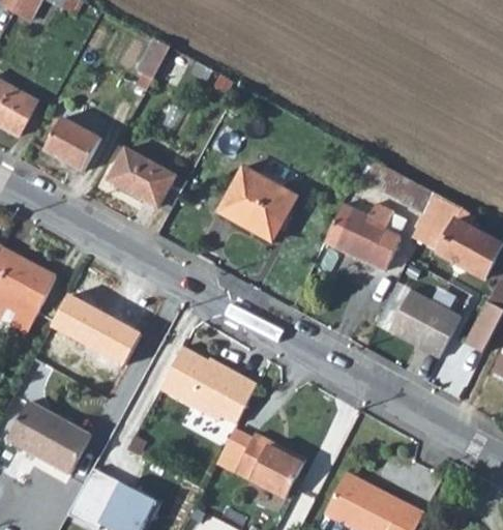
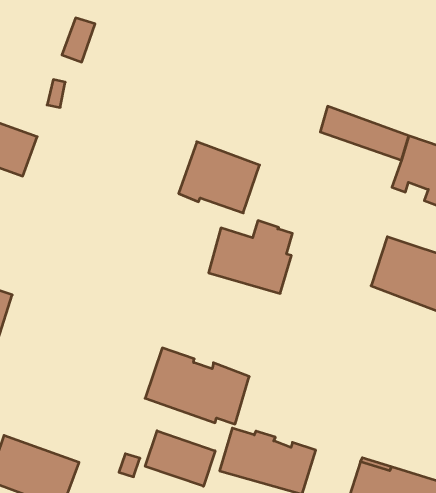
building: [108,148,176,207] -> none
building: [324,202,405,270] -> [209,221,292,293]
building: [52,295,137,362] -> none
building: none -> [145,431,215,486]

